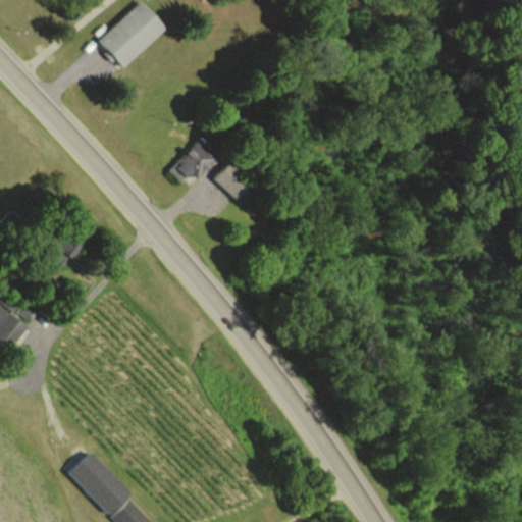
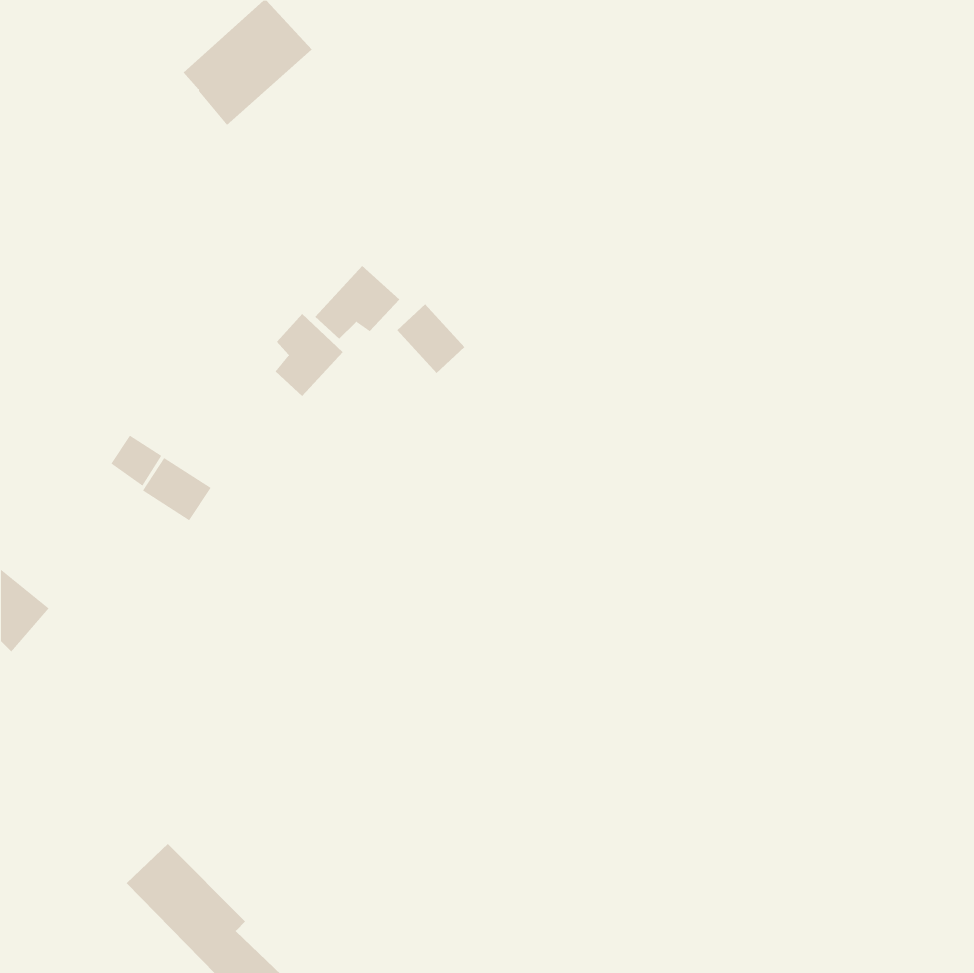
building: none -> [275,313,343,397]
building: none -> [142,457,211,521]

